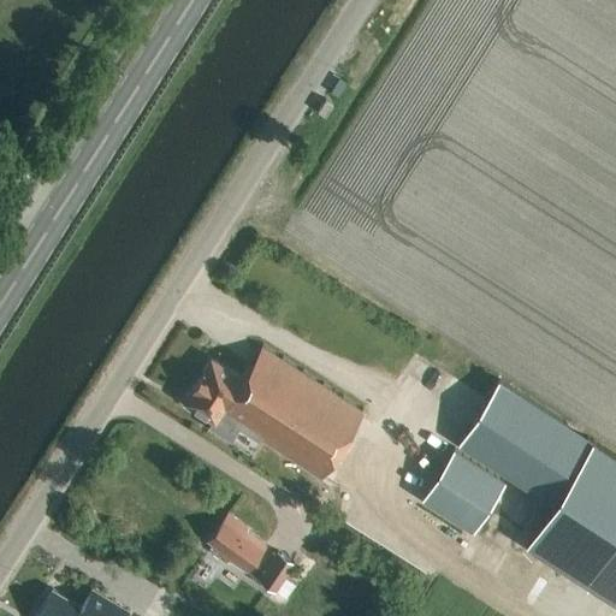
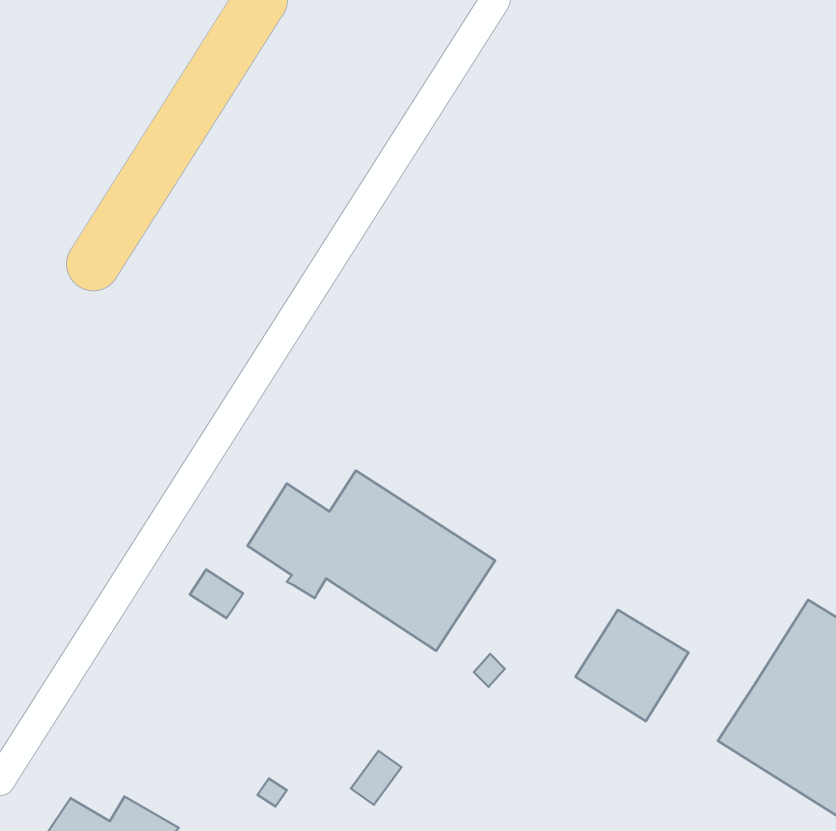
building: [460,385,594,508] -> none
building: none -> [190,570,243,618]
building: [208,517,266,575] -> none

